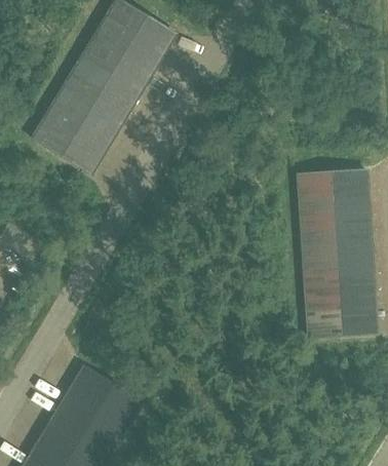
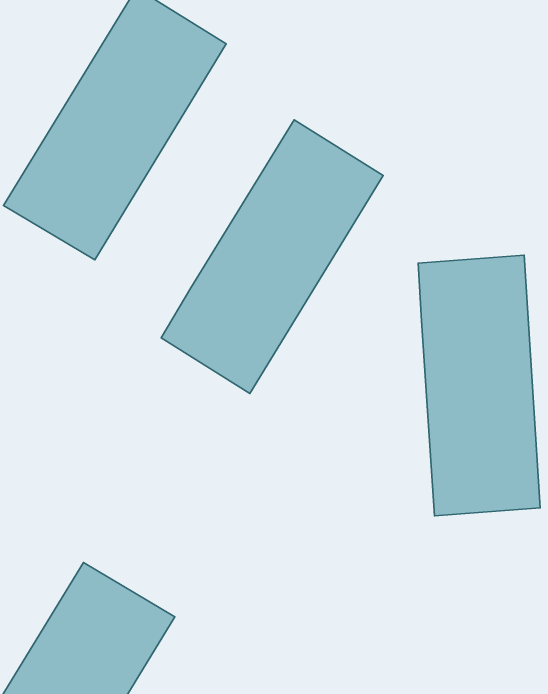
building: none -> [161,120,383,393]

